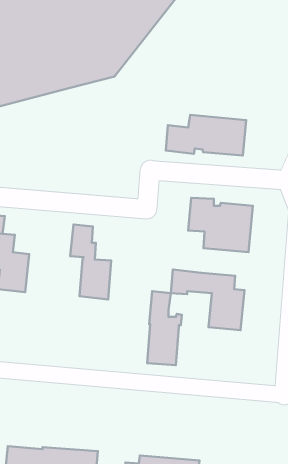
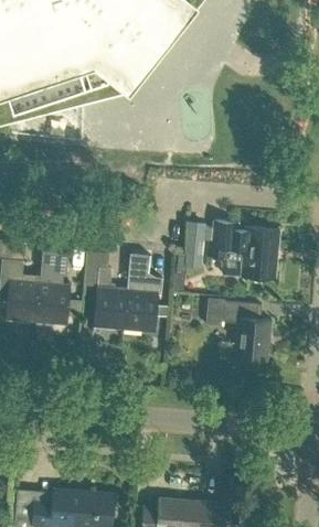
building: [166,115,246,156] -> none
building: none -> [176,223,204,272]
building: none -> [35,251,71,325]
building: [147,291,182,365] -> [125,252,162,332]

